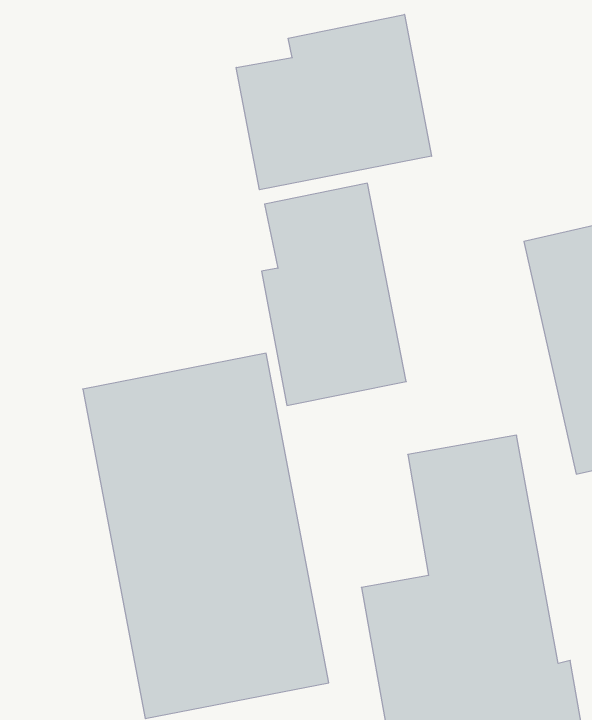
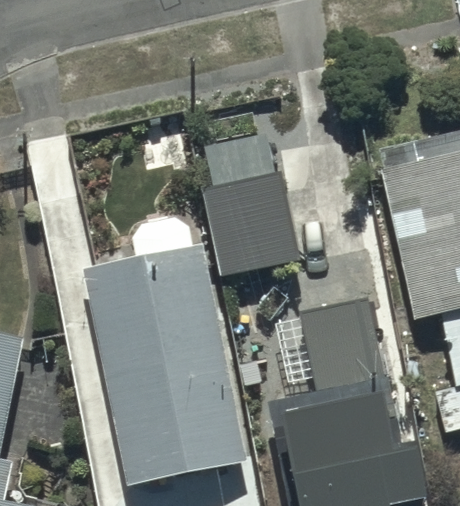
building: [236,14,432,190] -> none

